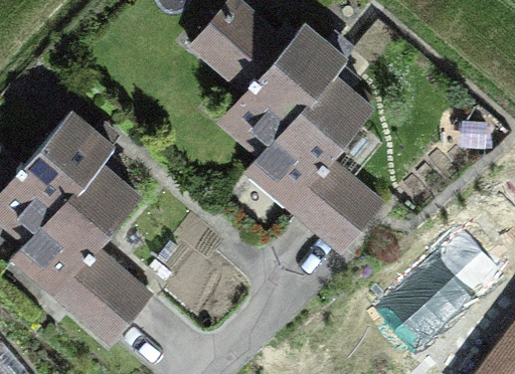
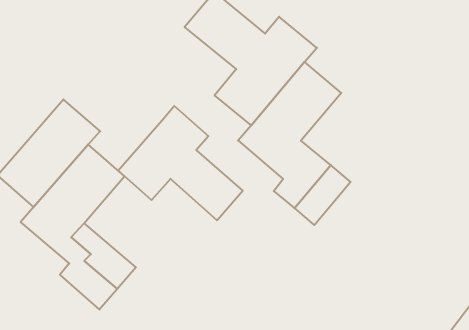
building: none -> [118,106,243,220]
building: [391,234,496,337] -> none

